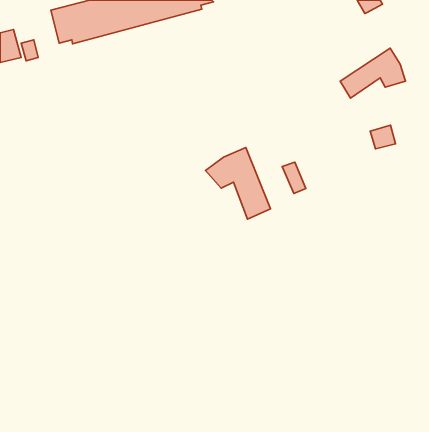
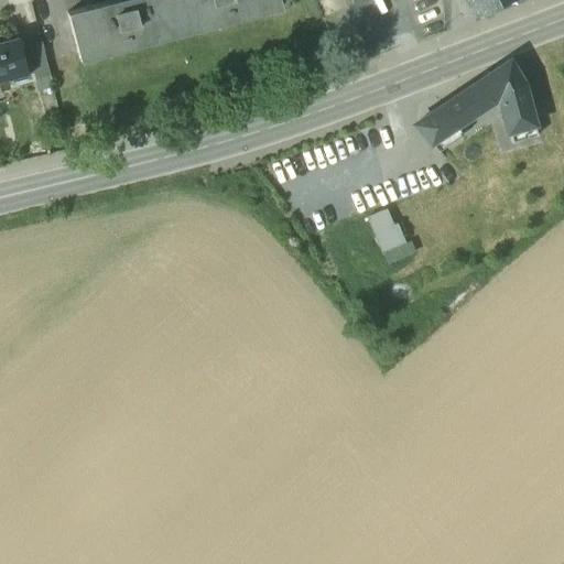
building: none -> [419,106,460,145]
building: [370,125,396,149] -> [506,106,539,137]
building: [205,147,271,219] -> none

